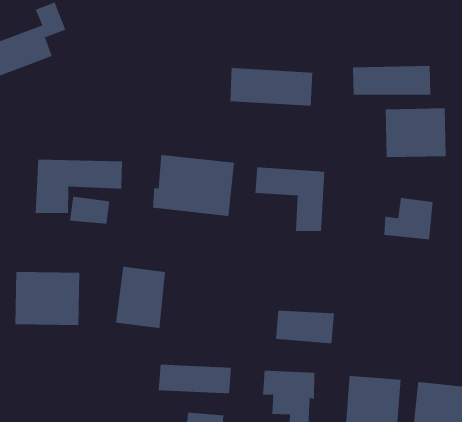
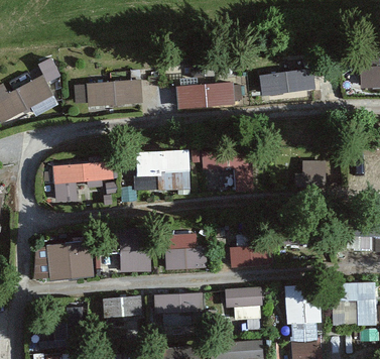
building: none -> [85,80,142,108]
building: [385,107,446,158] -> none
building: none -> [163,235,207,270]
building: none -> [102,295,141,319]

